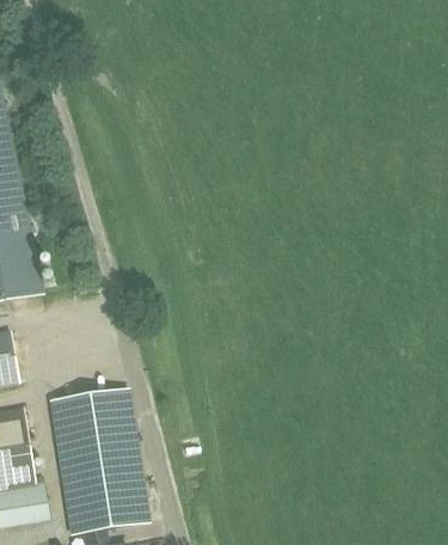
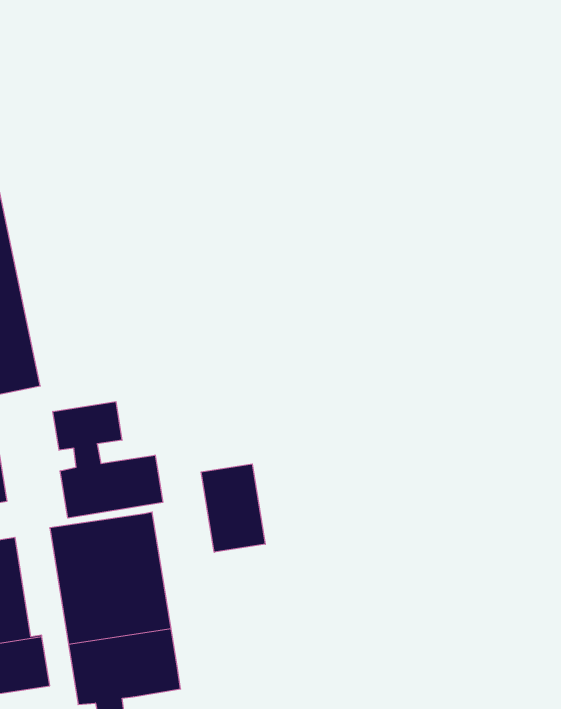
building: none -> [53,402,163,518]
building: none -> [201,464,265,552]

